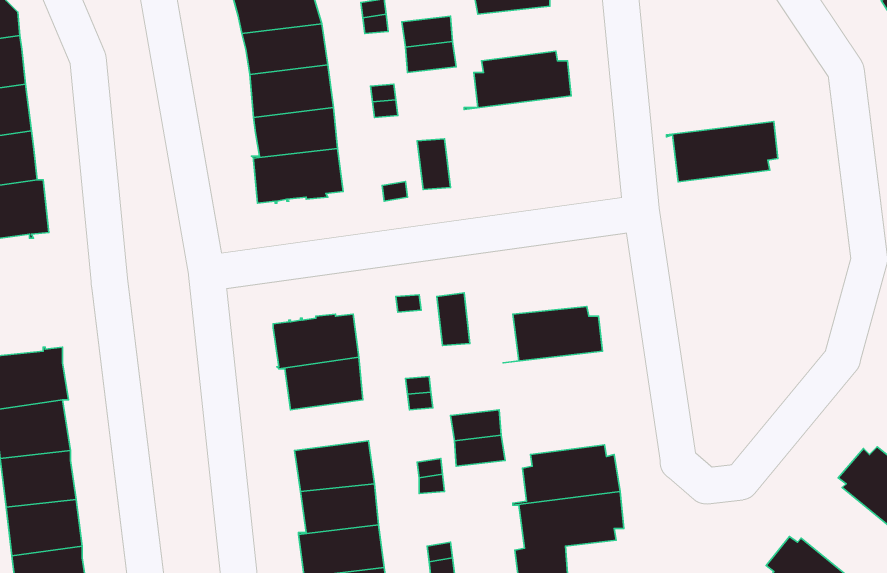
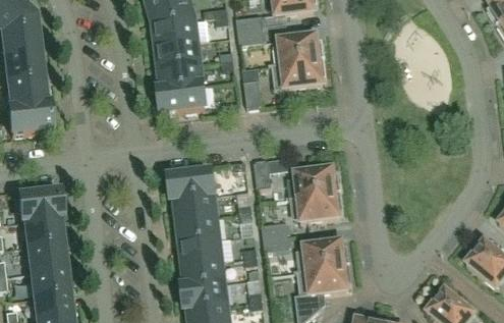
building: [667,121,778,182] -> [269,57,327,89]
building: none -> [289,191,343,221]
building: none -> [178,216,219,243]

